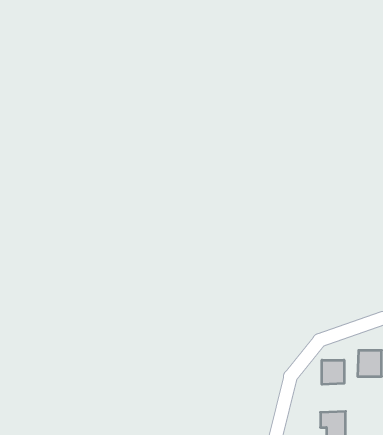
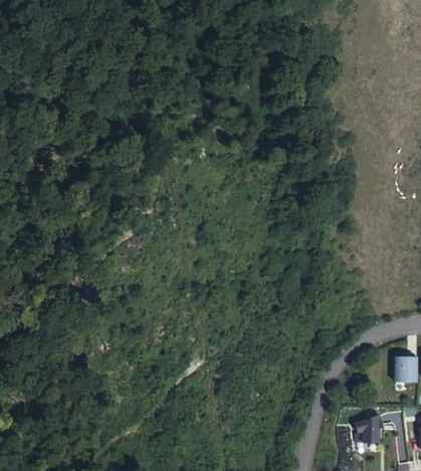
building: [322,360,344,384] -> none

